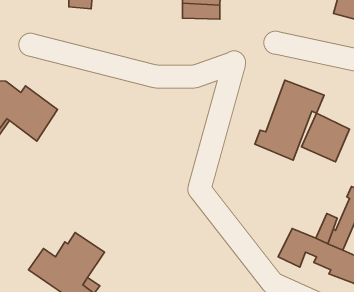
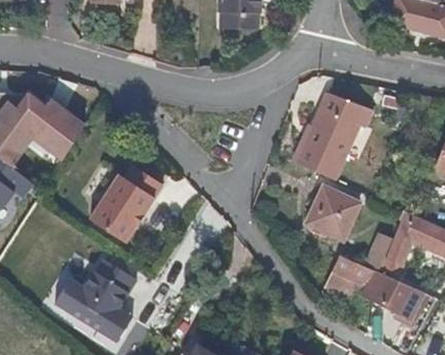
building: [302,113,350,162] -> [306,187,358,240]
building: none -> [91,164,166,243]

